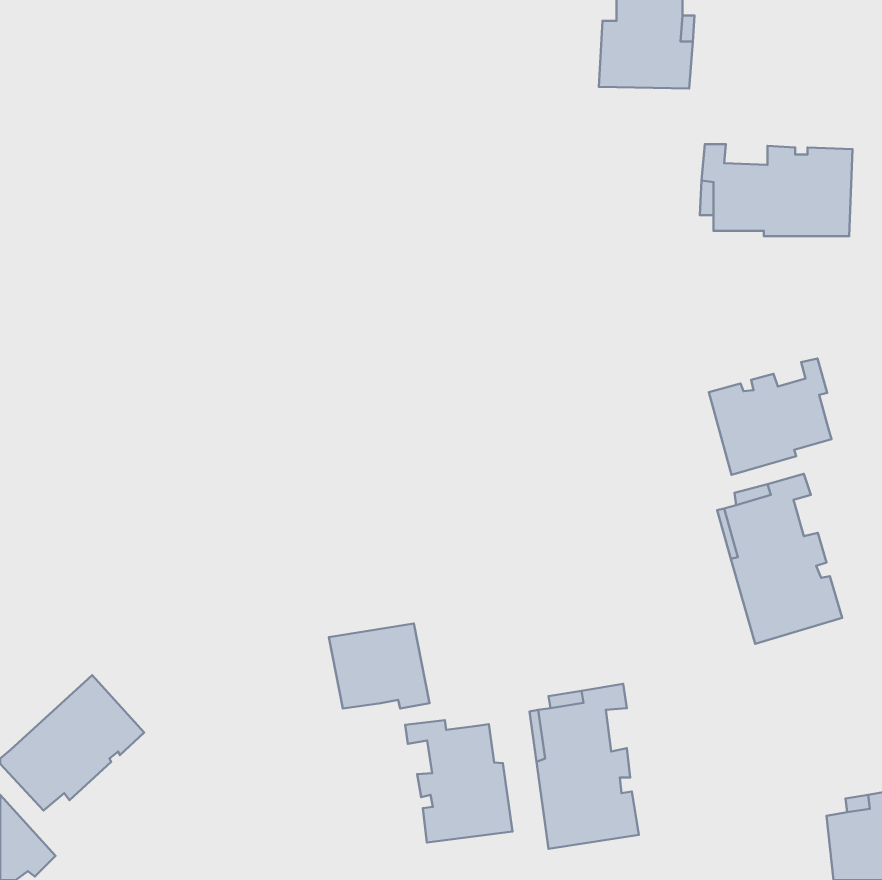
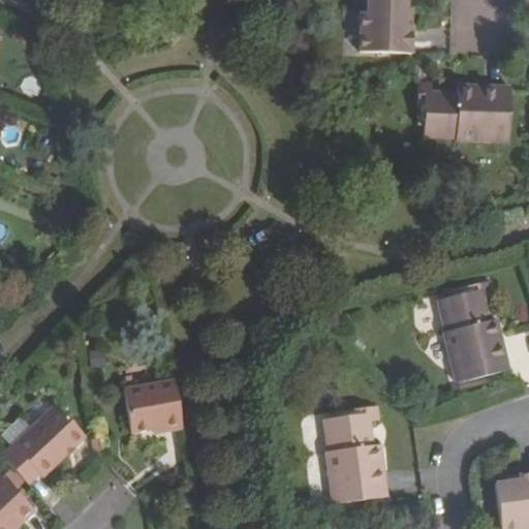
building: [709,358,831,475] -> none
building: [329,623,430,708] -> [126,379,186,430]
building: [405,720,512,843] -> none

